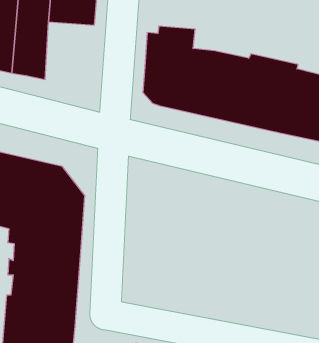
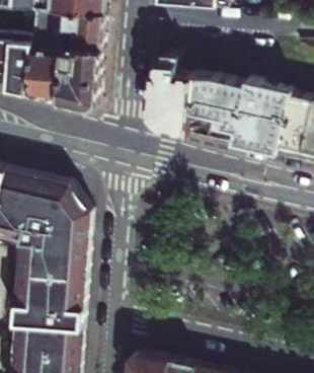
building: none -> [54,46,100,108]

